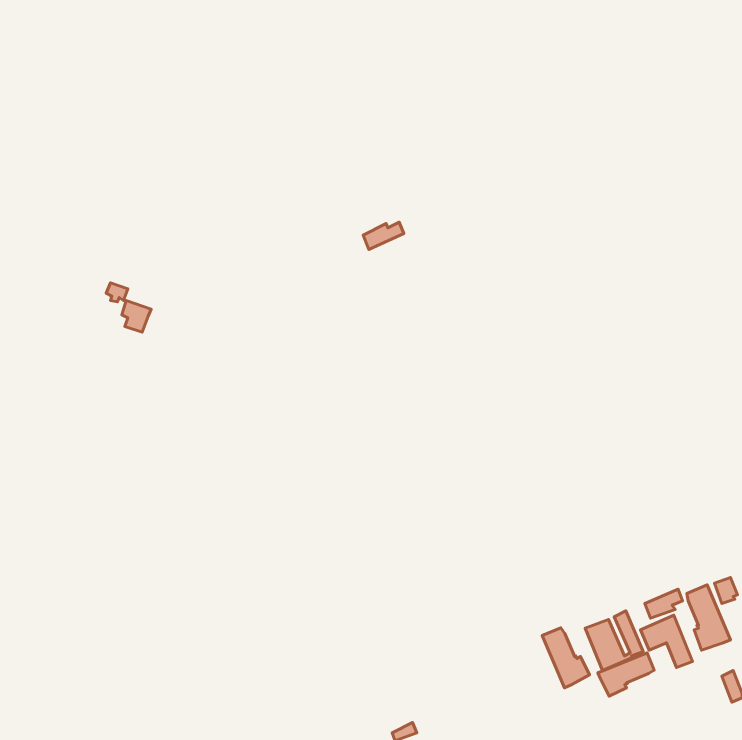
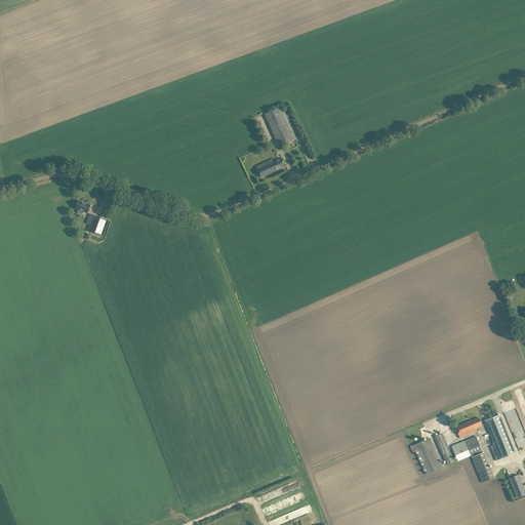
building: none -> [265,107,293,145]
building: [542,628,590,688] -> none
building: [598,653,654,696] -> none

